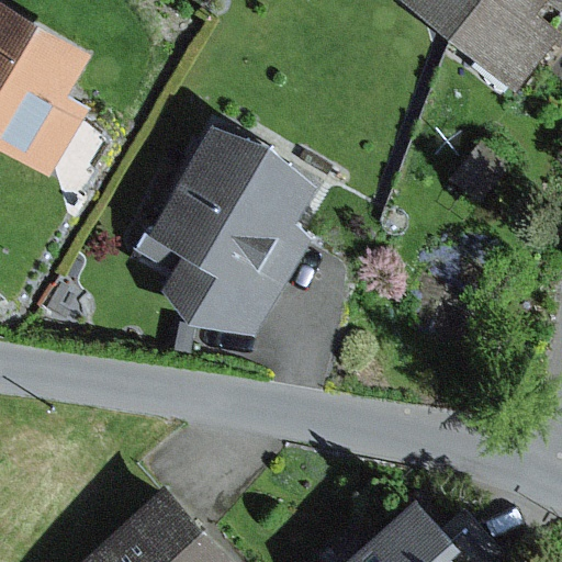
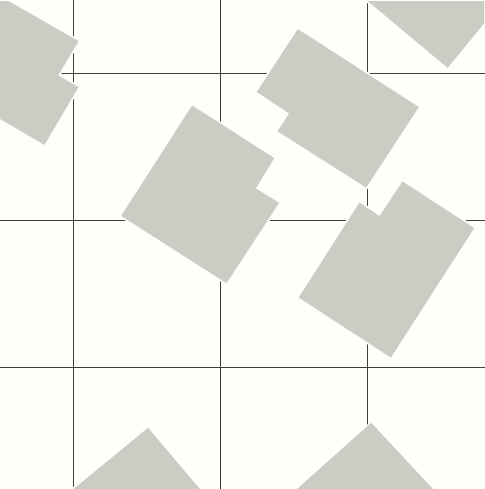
building: none -> [256,28,420,189]
building: none -> [298,180,475,359]

